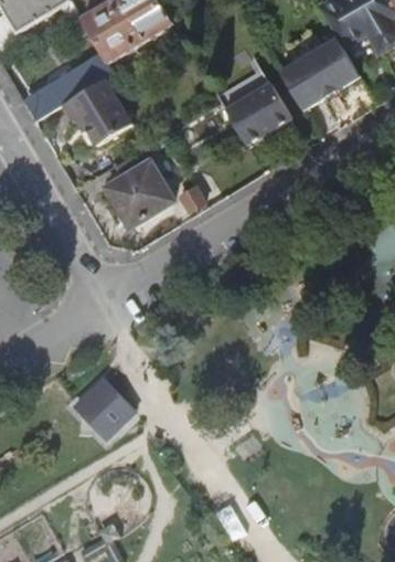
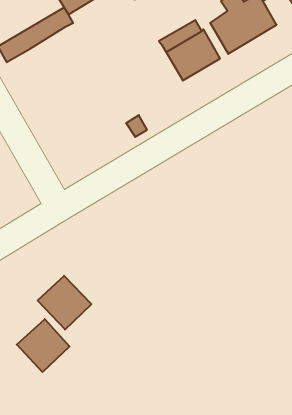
building: [62,77,132,144] -> none
building: [105,148,173,225] -> none
building: none -> [17,319,70,372]

